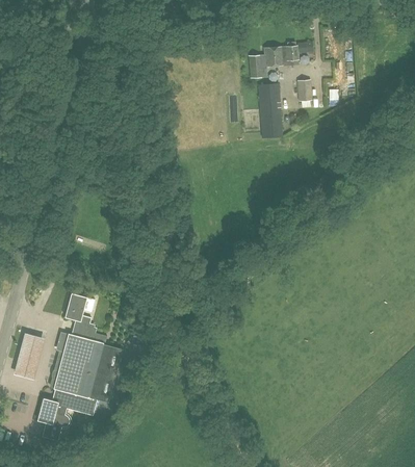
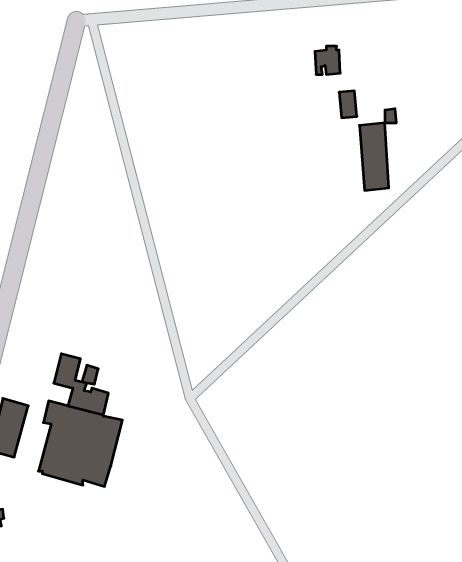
building: [249,46,279,77] -> none
building: [258,82,282,137] -> [359,123,389,190]
building: [37,390,88,440] -> none

